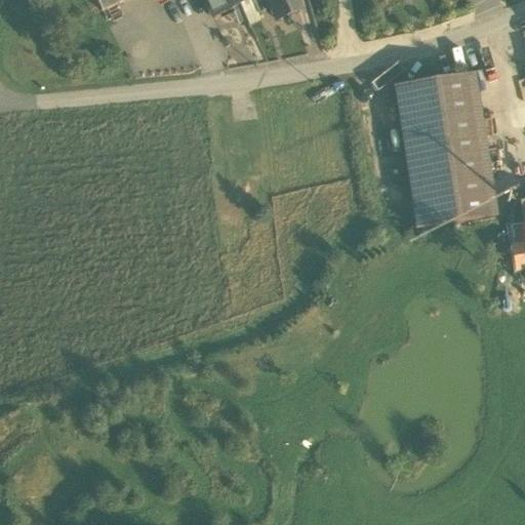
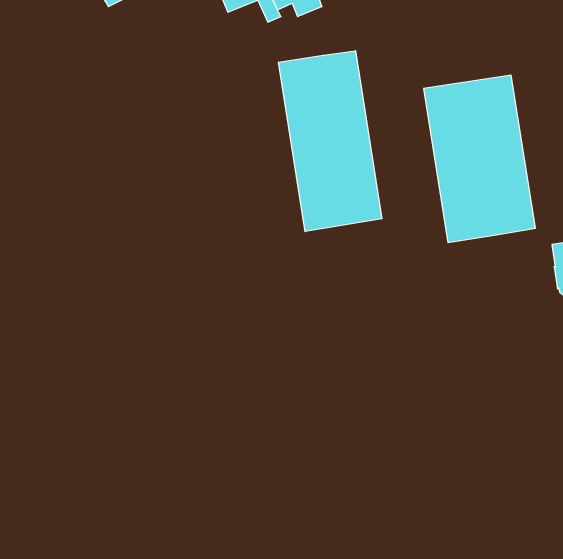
building: none -> [278,51,382,232]

